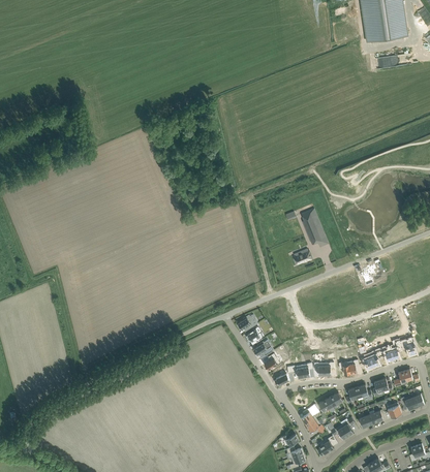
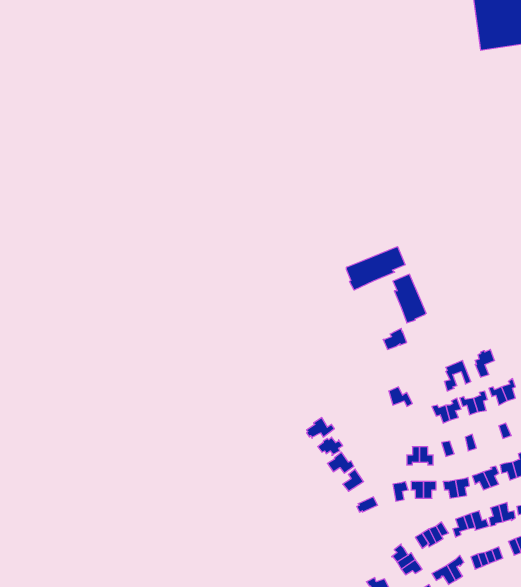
building: none -> [346,247,405,290]

